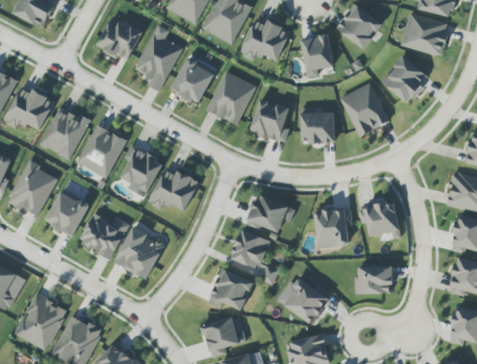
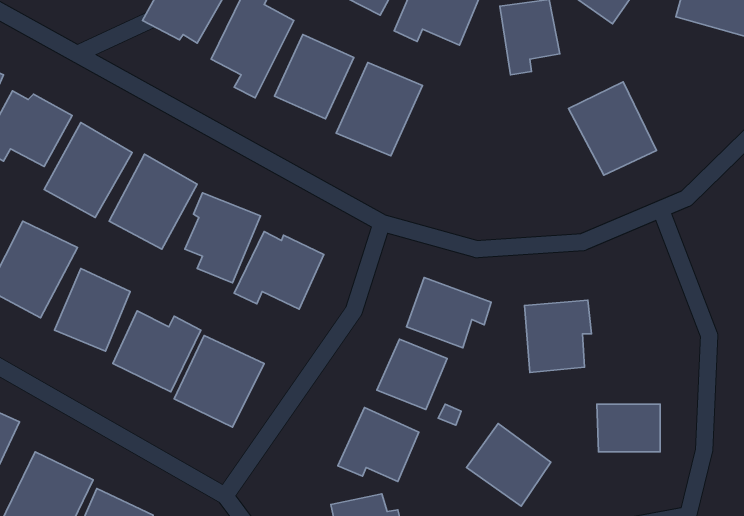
building: [381,55,429,103] -> none
building: [250,99,289,142] -> none
building: [300,113,335,143] -> none
building: [358,202,401,238] -> none

